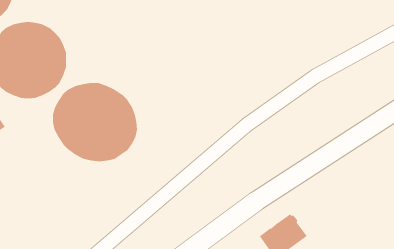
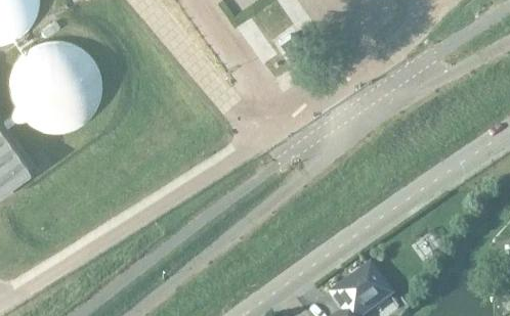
building: [52,82,138,162] -> none

